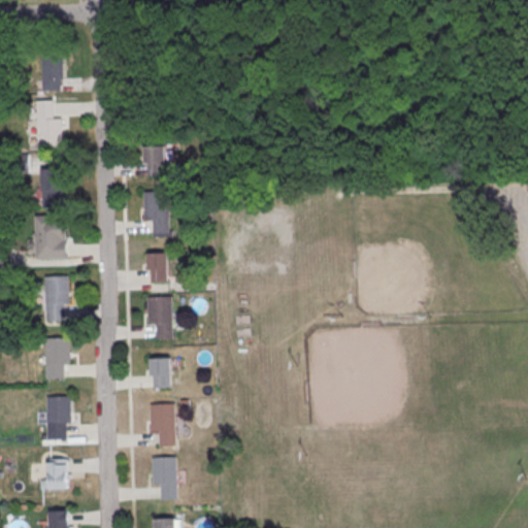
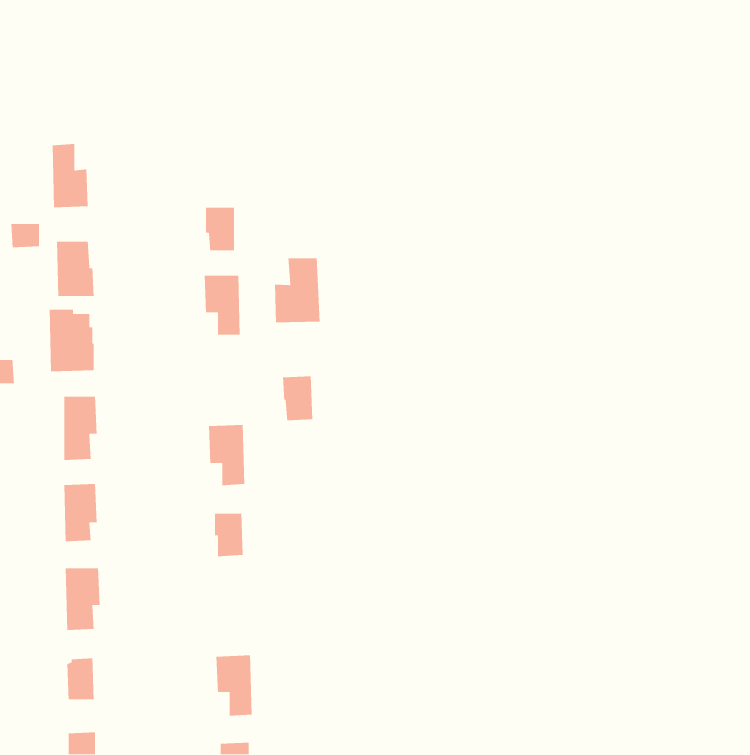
building: [40,51,62,91] -> none
building: none -> [274,257,320,323]
building: [146,252,168,284] -> [282,376,313,421]
building: [148,403,174,447] -> none

